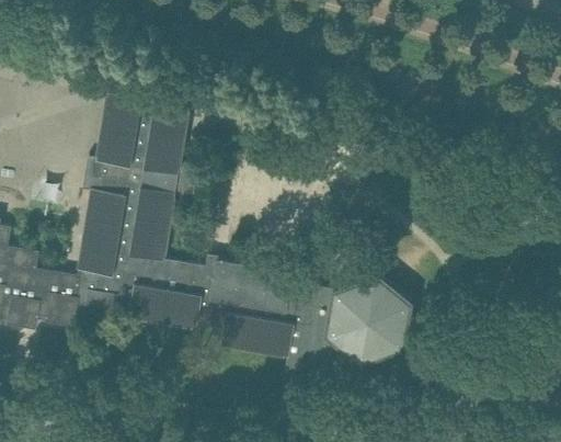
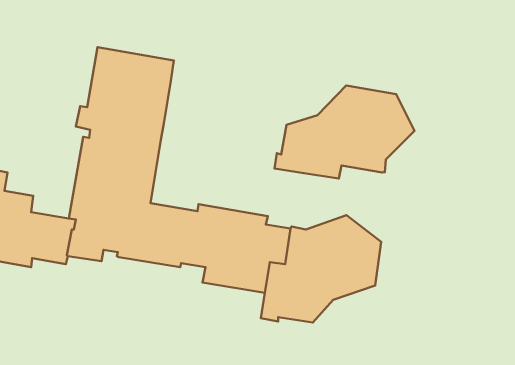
building: none -> [275,86,414,179]

